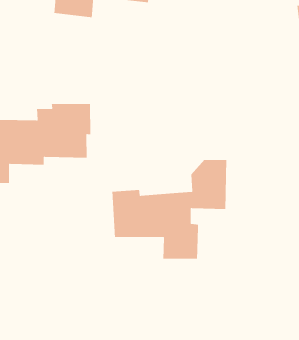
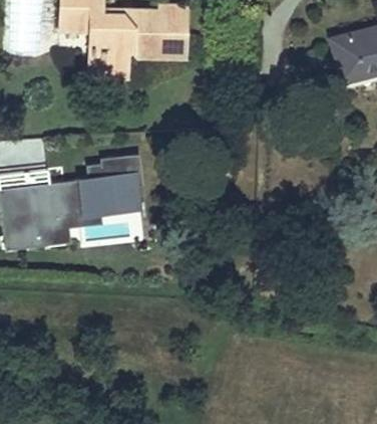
building: [111,159,227,259] -> none

